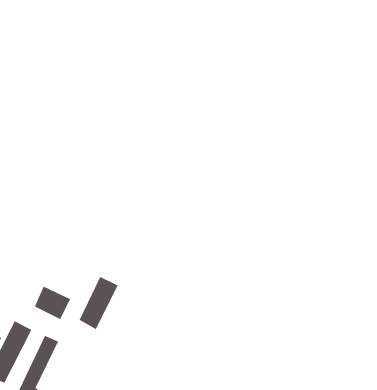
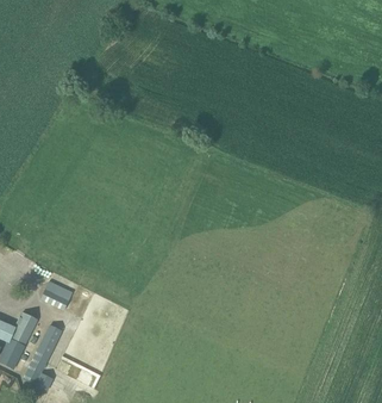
building: [78,276,119,330] -> none

